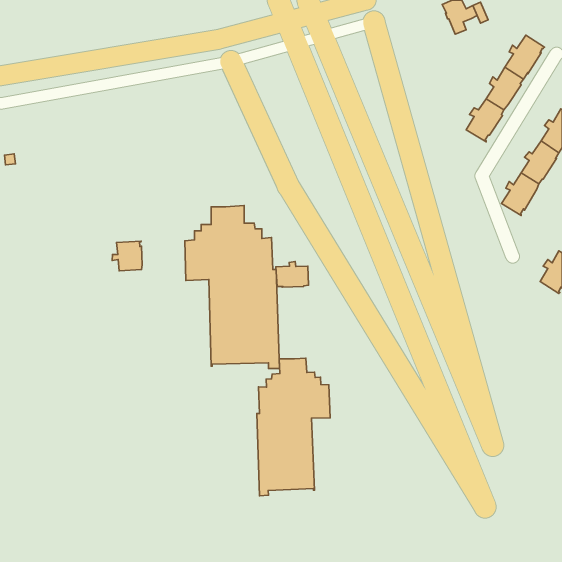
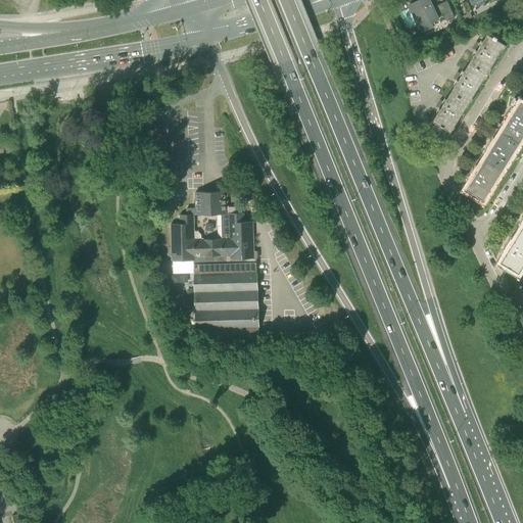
building: [112,241,142,271] -> none
building: [276,262,308,287] -> none
building: [257,358,330,496] -> none

